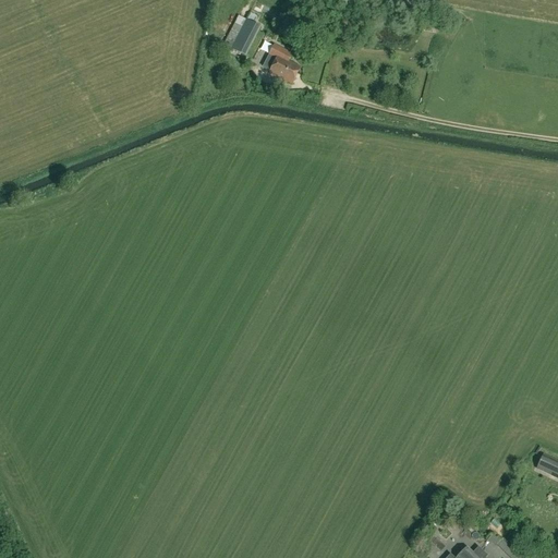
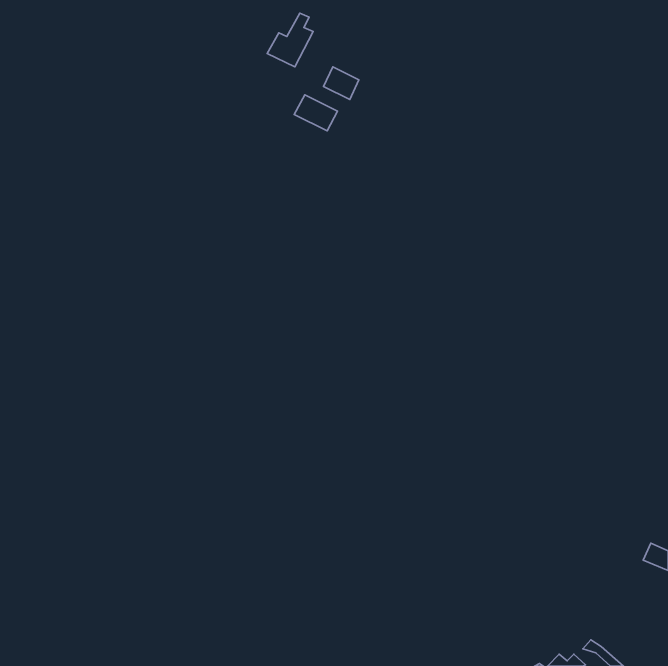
building: none -> [294,95,338,131]

